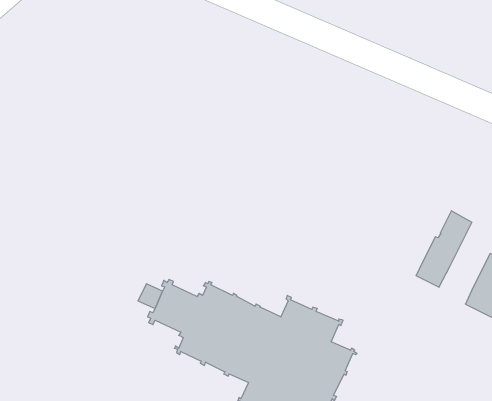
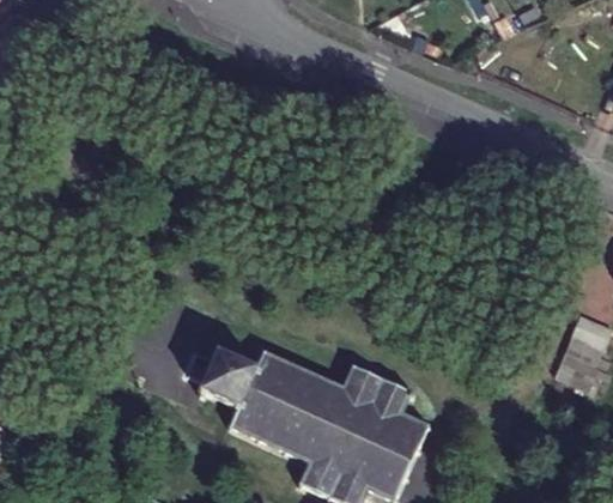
building: [416,211,472,287] -> none

